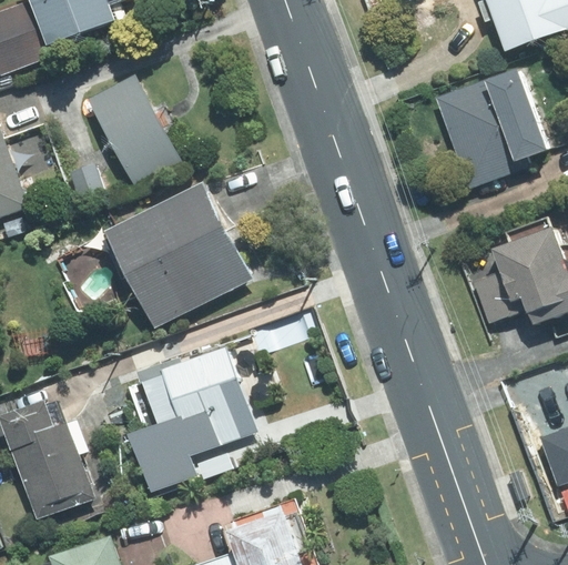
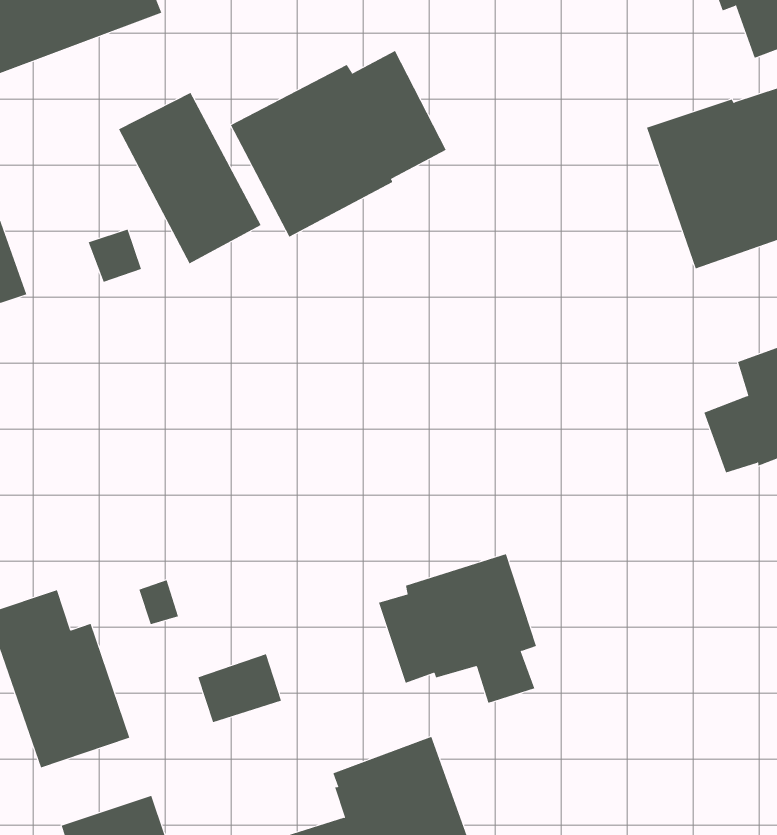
building: none -> [230,50,446,238]
building: [105,182,252,327] -> none
building: [142,347,246,446] -> [378,554,537,704]

